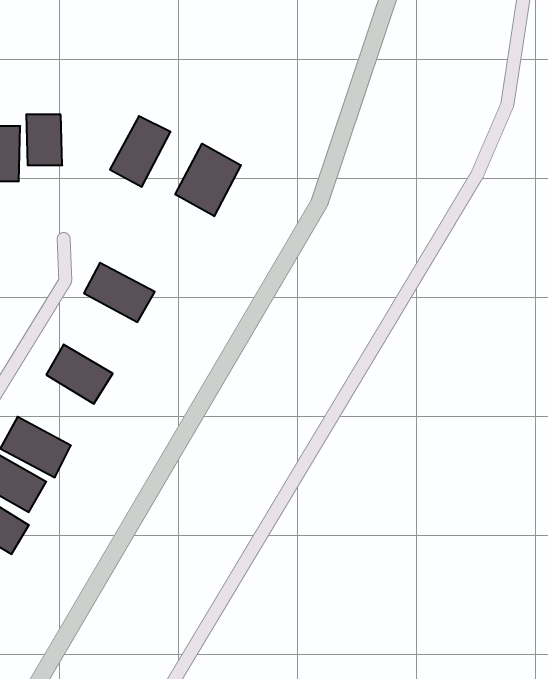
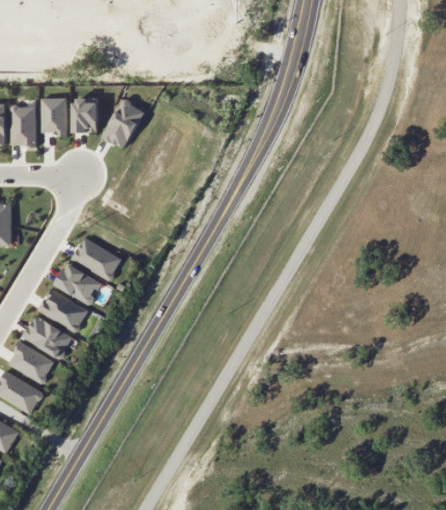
building: none -> [73,98,98,133]
building: [175,144,241,216] -> none
building: [84,263,155,322] -> [72,237,123,279]
building: none -> [38,290,87,330]

